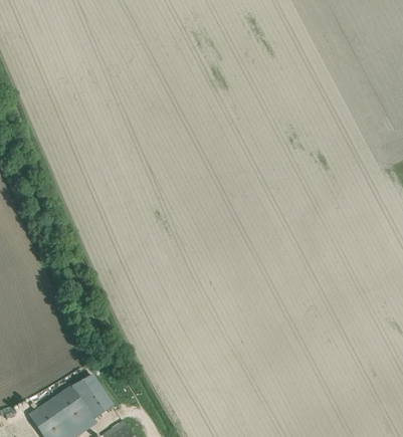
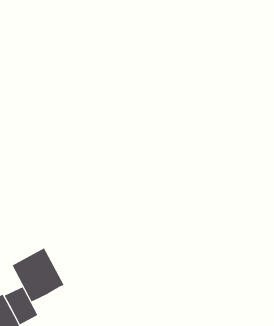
building: none -> [12,248,64,302]

